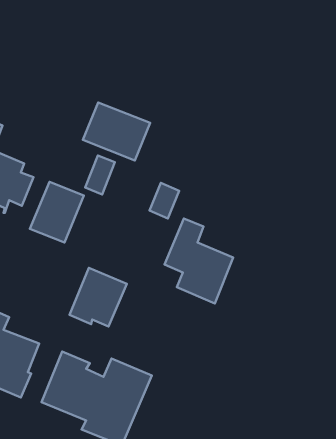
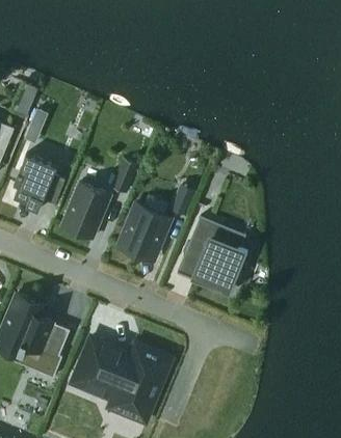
building: [83,102,150,160] -> none
building: [69,268,127,326] -> [117,204,169,257]

